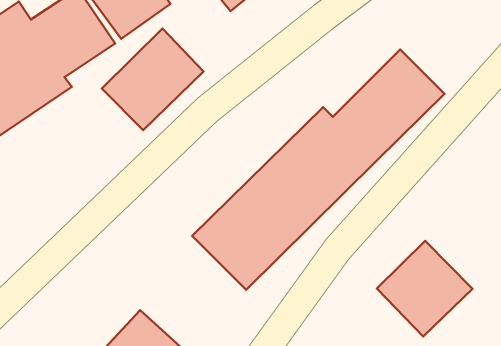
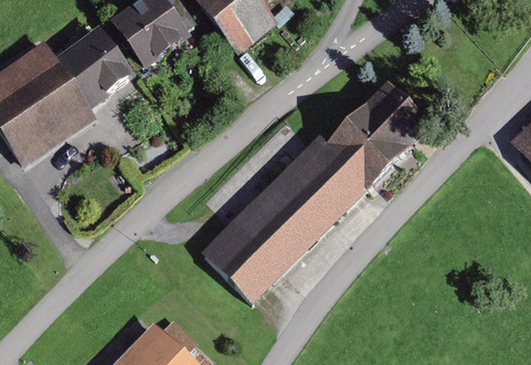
building: [102,29,204,130] -> none
building: [377,241,473,336] -> none

